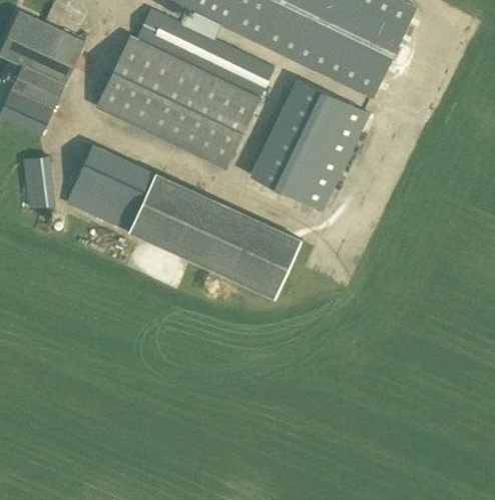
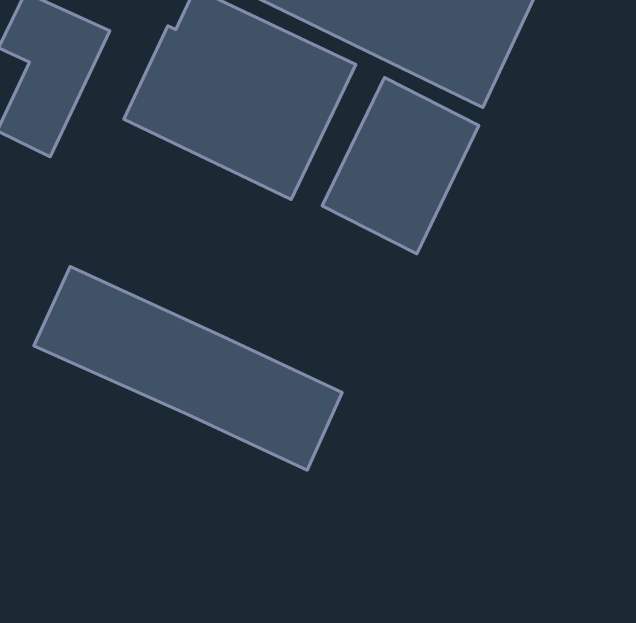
building: [64,142,303,300] -> [34,267,342,470]
building: [23,156,55,207] -> none

